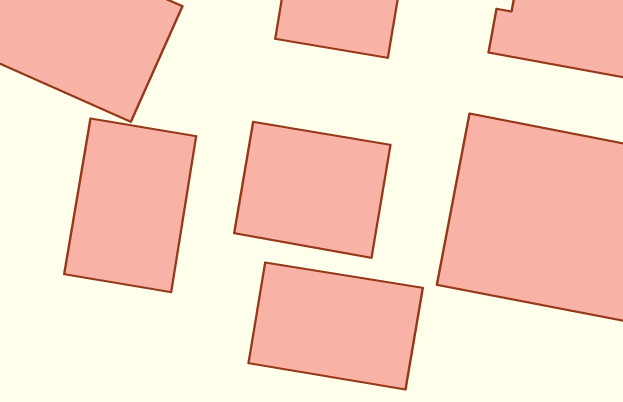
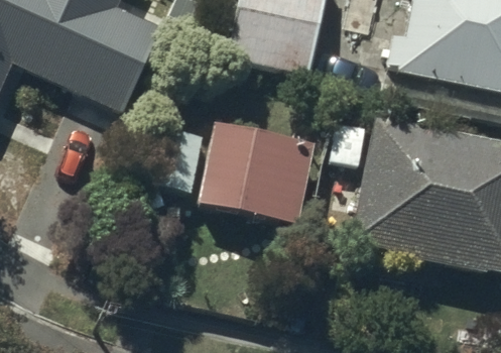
building: [64,118,196,292] -> none
building: [249,262,423,390] -> none

